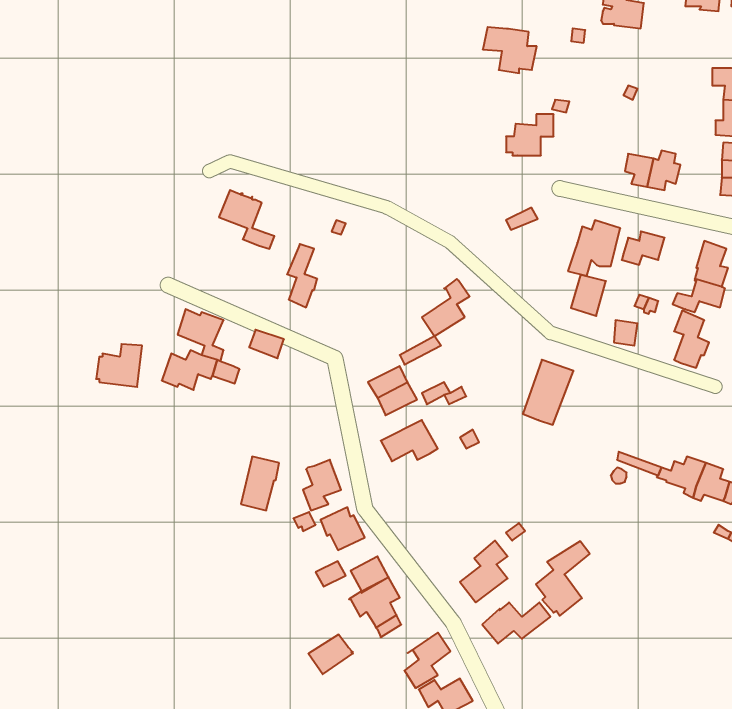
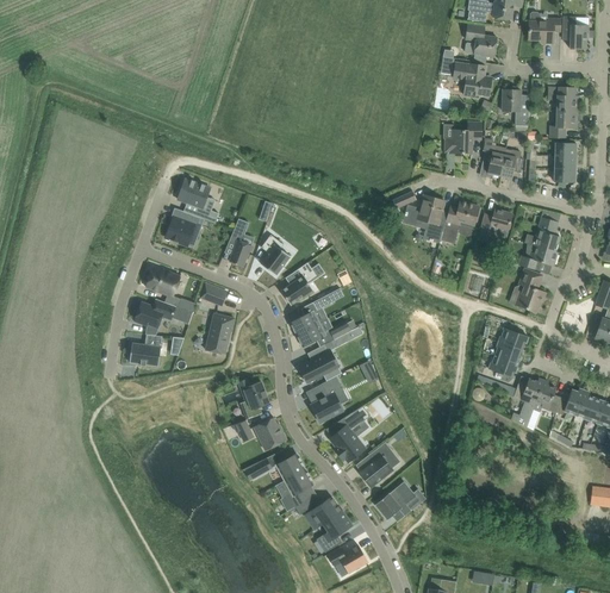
building: [483,27,537,73] -> [452,63,492,98]
building: none -> [503,89,529,131]
building: [506,114,554,155] -> [446,123,481,154]
building: none -> [167,211,204,245]
building: none -> [260,235,291,275]
building: [571,275,606,316] -> [418,195,444,226]
building: [422,279,470,336] -> [281,262,317,305]
building: [96,344,142,387] -> [127,335,162,367]
building: [523,360,574,425] -> [490,329,528,377]
building: none -> [311,376,343,423]
building: [241,457,279,510] -> [206,314,235,355]
building: [536,541,590,616] -> [330,406,371,462]
building: [308,635,353,674] -> [309,497,342,526]

